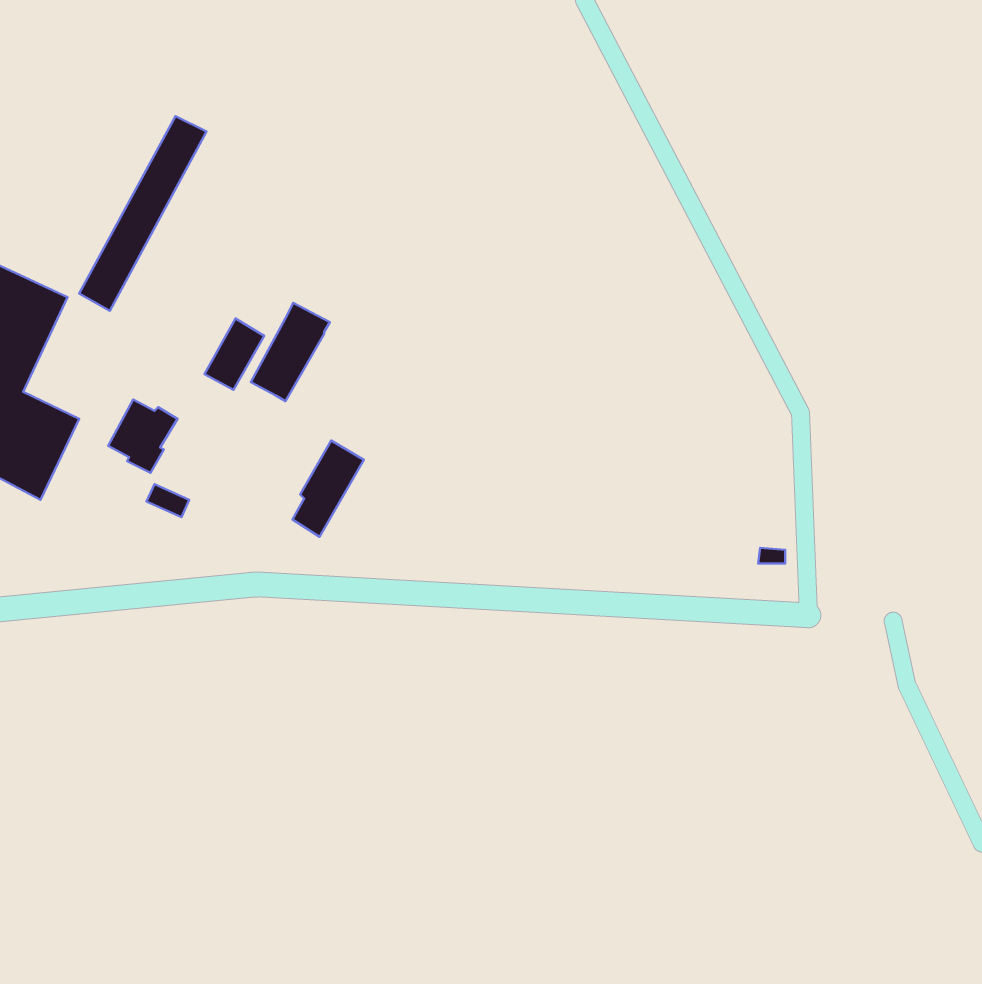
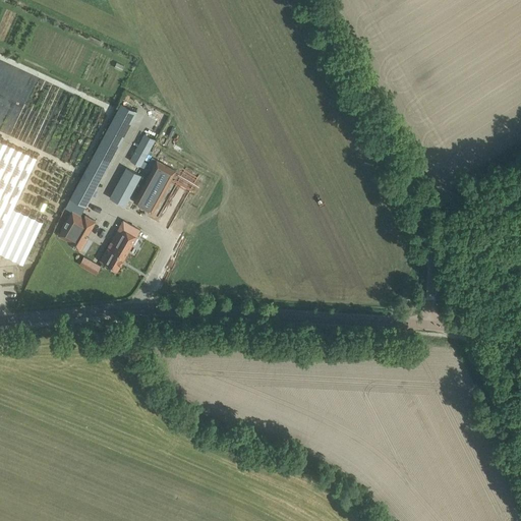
building: [79,116,206,311] -> [68,105,135,208]
building: none -> [128,135,154,168]
building: [293,440,364,537] -> [101,221,138,272]

